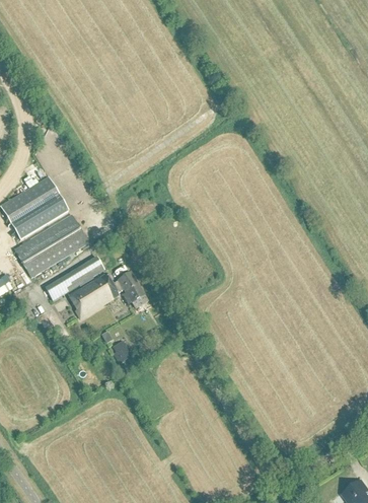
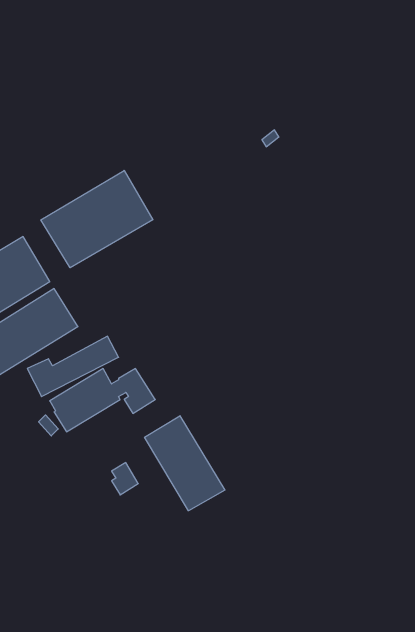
building: none -> [41,170,153,268]
building: none -> [145,416,225,511]

